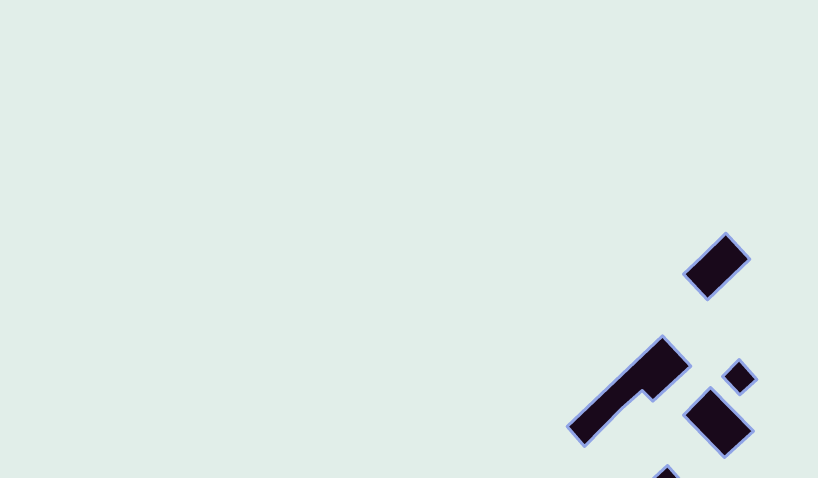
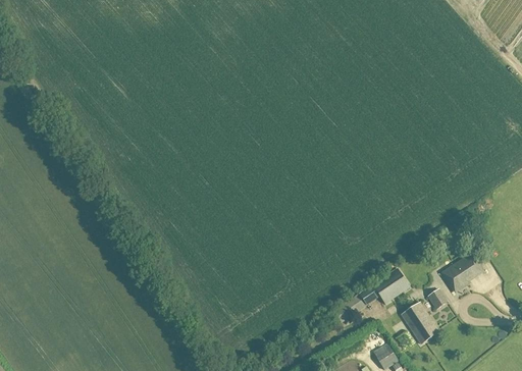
building: [684,233,750,300] -> [442,254,482,290]

